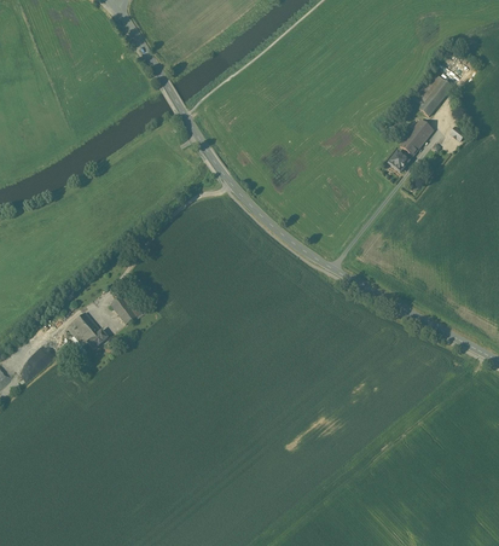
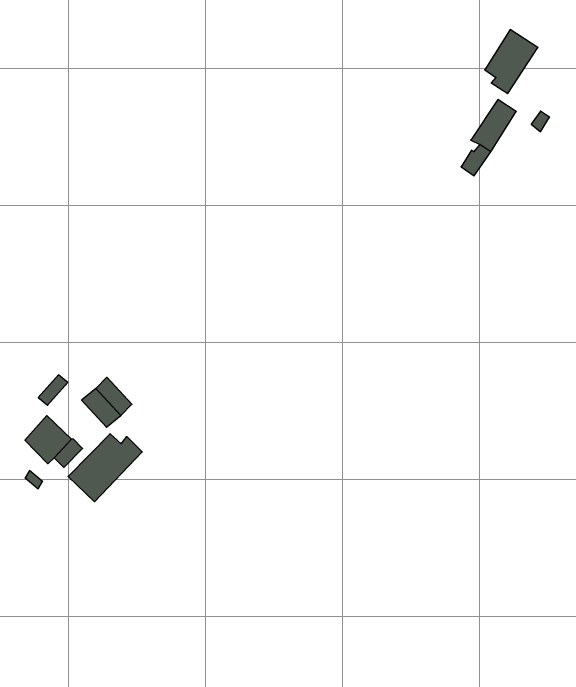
building: none -> [68,434,142,502]

